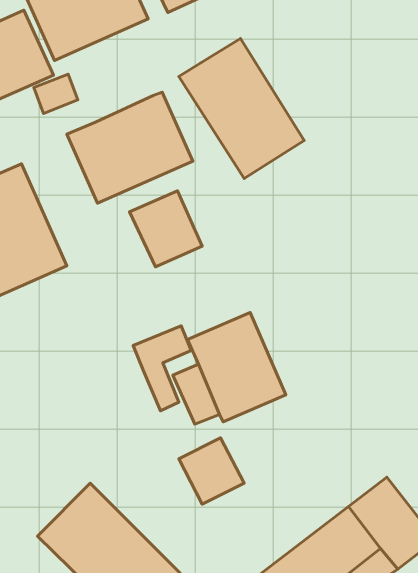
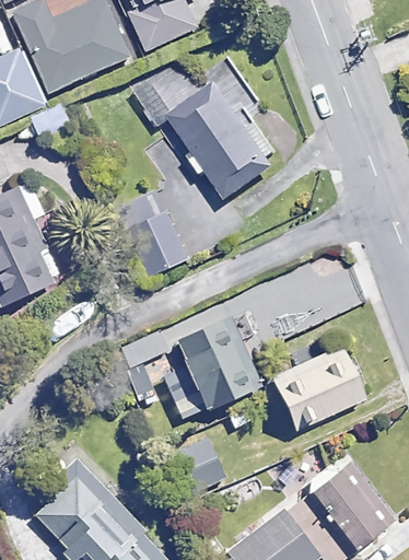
building: none -> [125,62,182,117]
building: [67,92,193,203] -> none
building: none -> [274,342,370,428]

